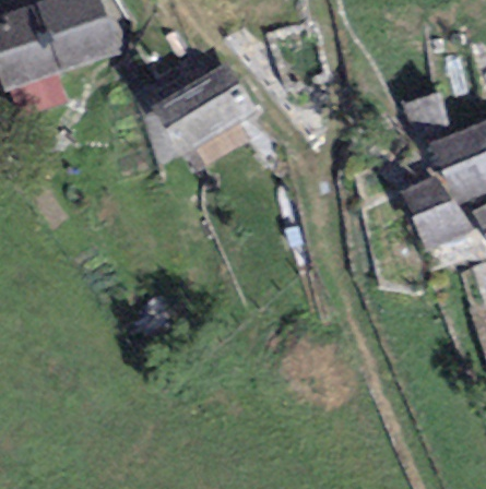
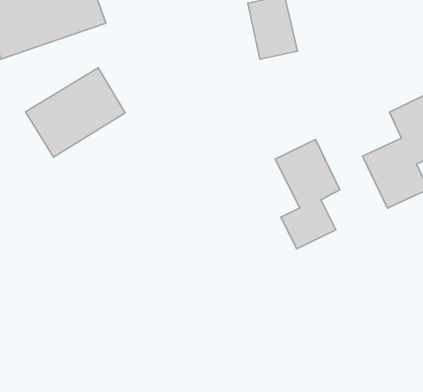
building: [149,61,258,158] -> [25,68,125,157]
building: none -> [275,139,340,249]

